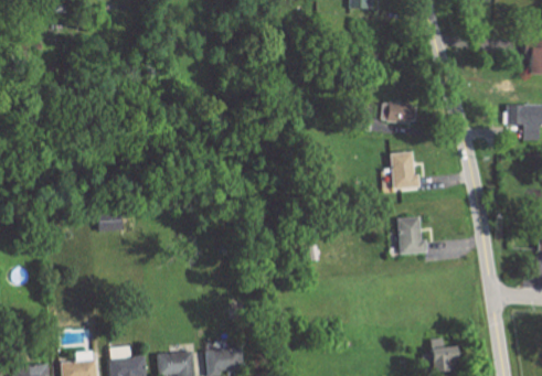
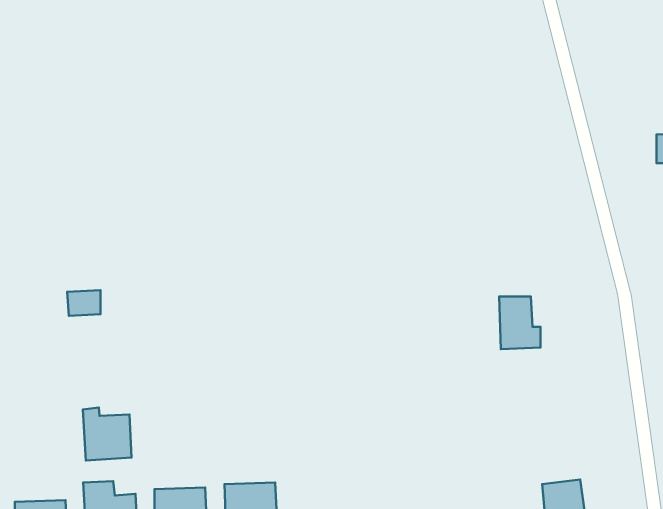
building: [380,104,413,123] -> none
building: [390,153,419,190] -> none
building: none -> [83,408,131,461]

